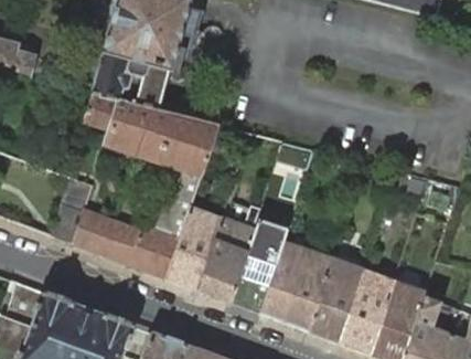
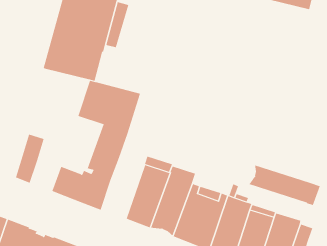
building: [83,93,150,155] -> none
building: [73,209,113,253] -> none
building: [165,209,222,289] -> none
building: none -> [248,165,320,206]

